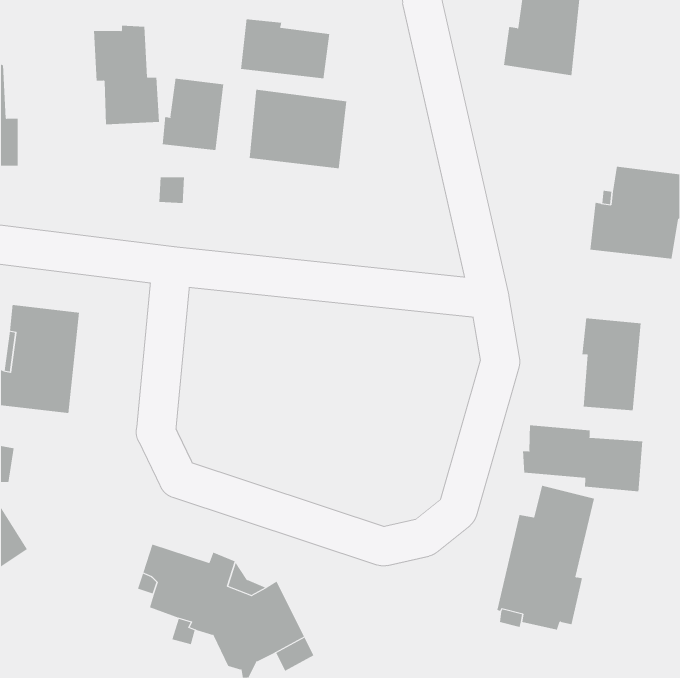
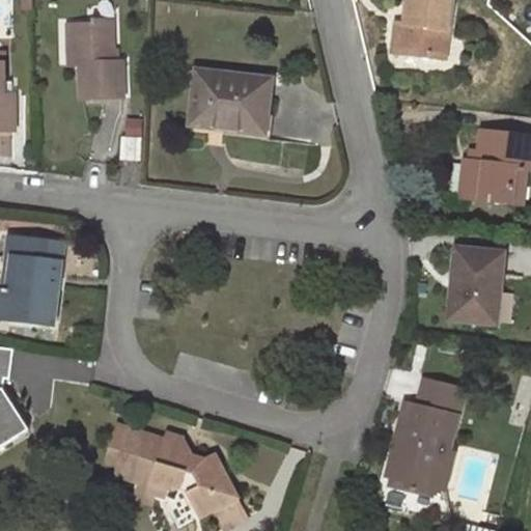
building: [241,19,330,79] -> none
building: [162,78,224,151] -> none
building: [523,425,643,492] -> none

